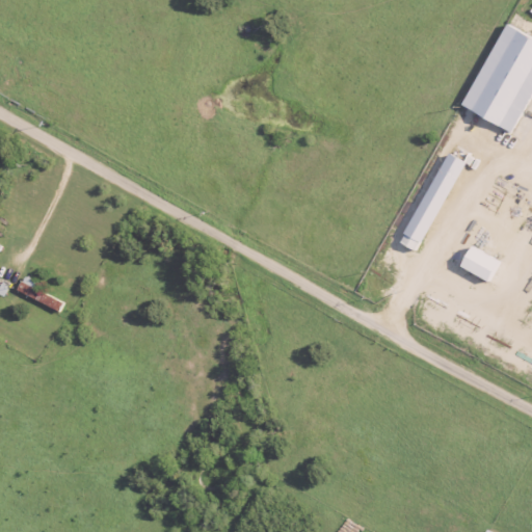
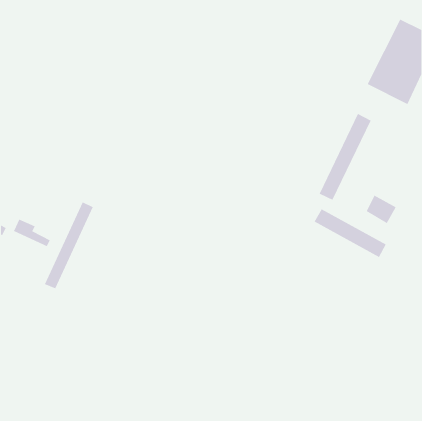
building: none -> [44,201,94,289]
building: none -> [314,208,386,258]

